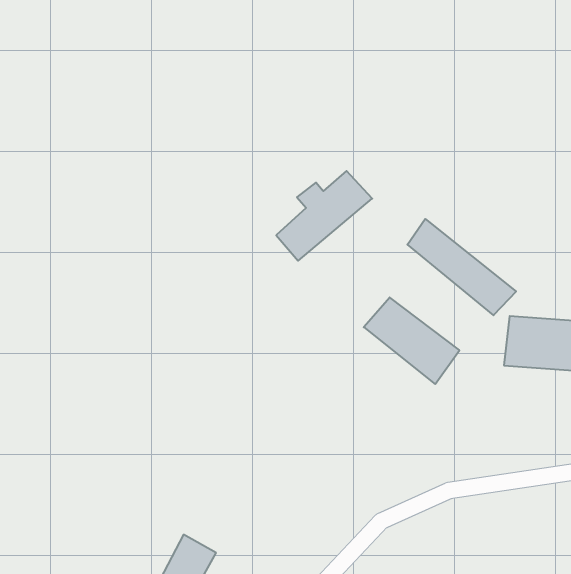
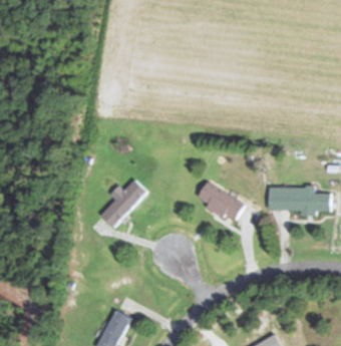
building: [276,171,372,261] -> [100,180,147,227]
building: [407,219,516,315] -> none

